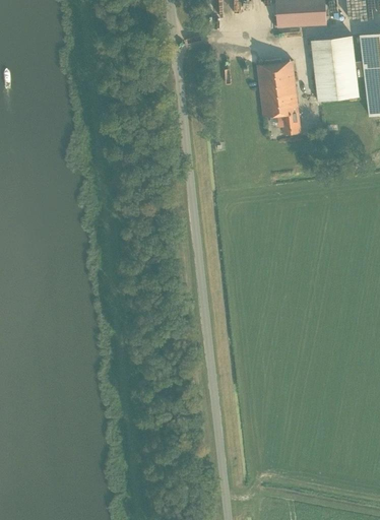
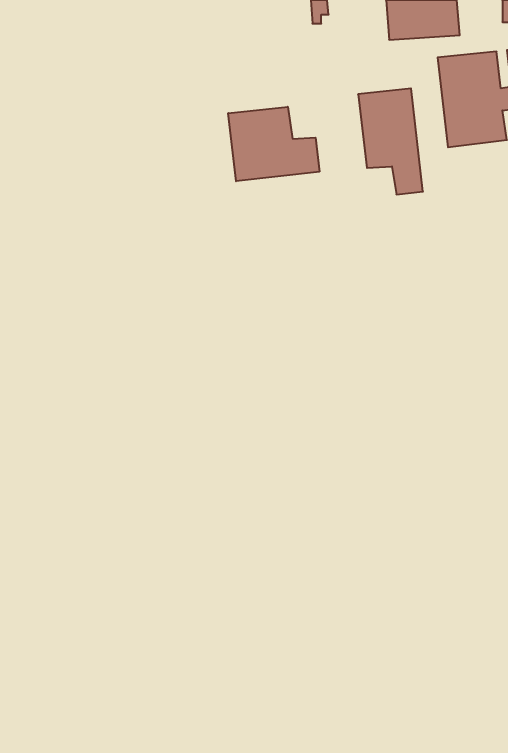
building: none -> [228,107,319,181]

